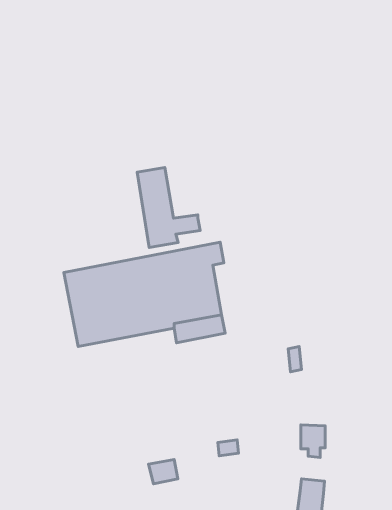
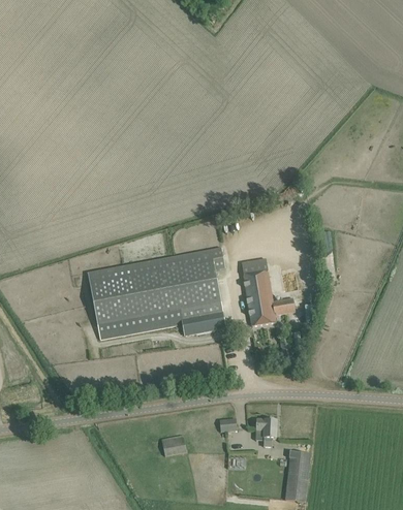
building: [137,167,200,247] -> [241,257,294,325]
building: [301,425,325,457] -> [255,418,276,446]

